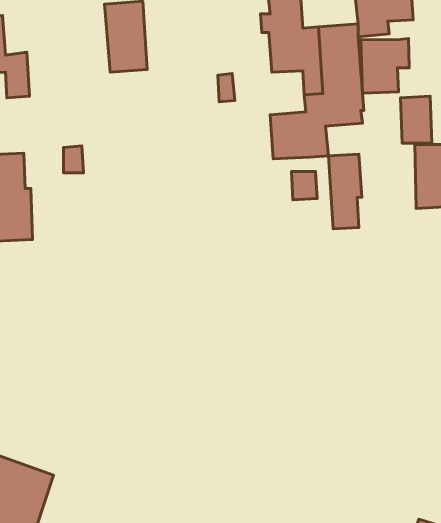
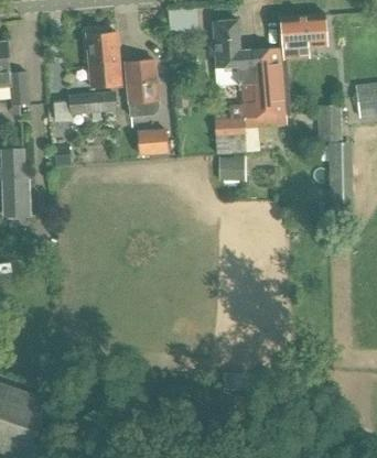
building: [361,38,409,93] -> none
building: none -> [125,59,158,116]
building: none -> [53,90,116,120]
building: none -> [136,128,166,159]
building: [328,154,362,229] -> none

